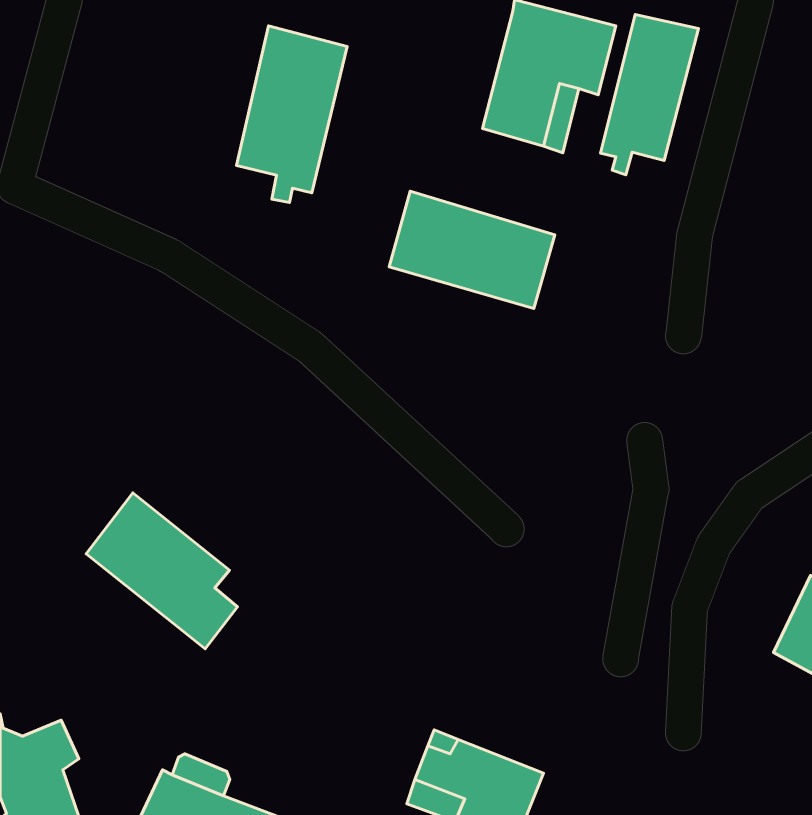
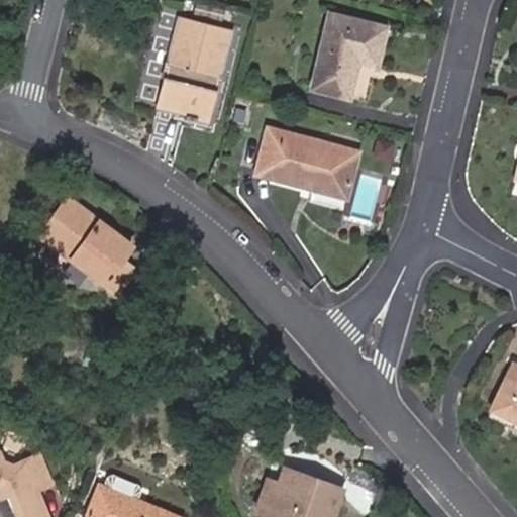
building: [600,14,699,175] -> none
building: [86,493,237,649] -> [44,201,139,299]

